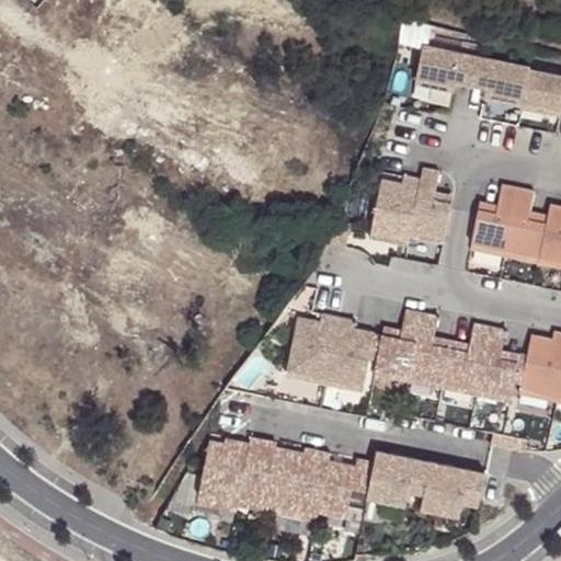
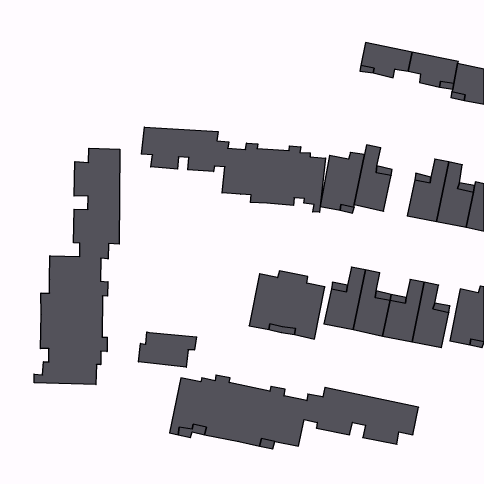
building: none -> [141,127,326,212]
building: none -> [34,148,120,385]
building: none -> [139,332,197,367]

